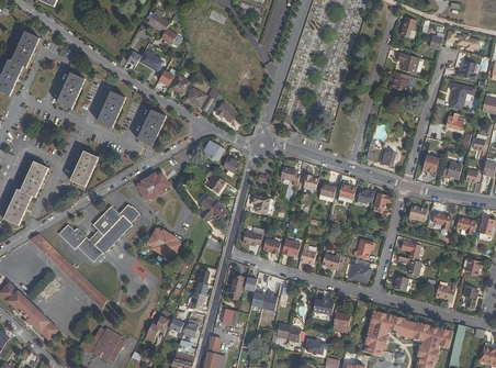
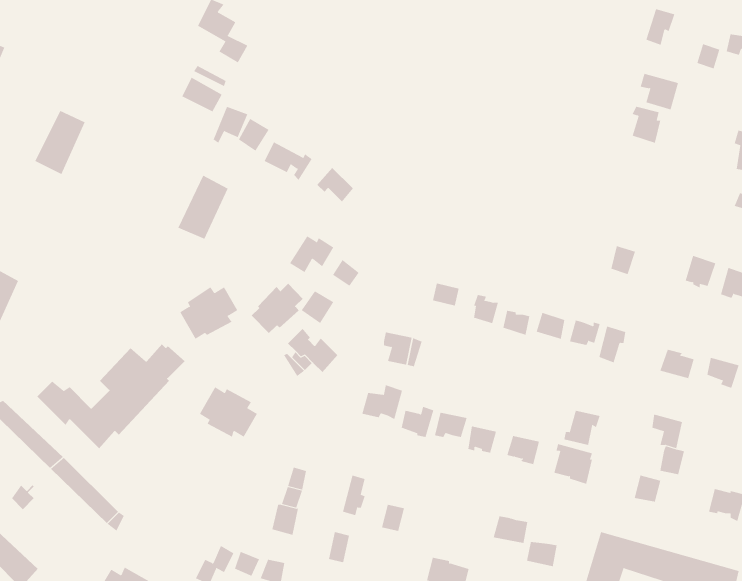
building: [97,89,126,126] -> none
building: [69,149,98,186] -> none
building: none -> [251,283,304,334]

